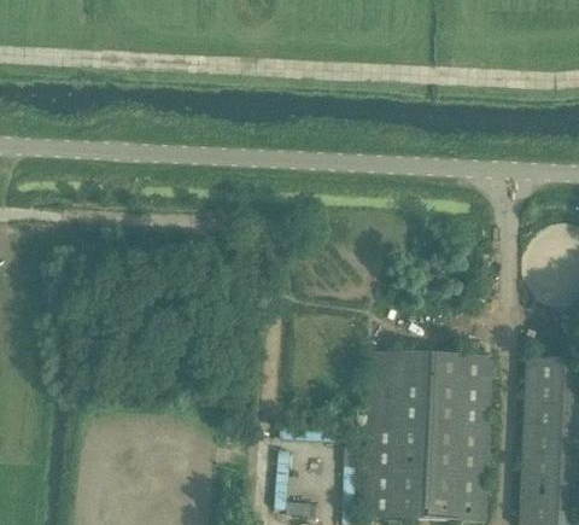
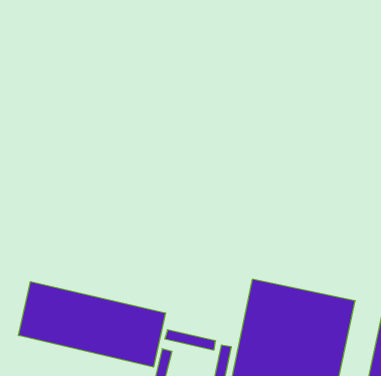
building: none -> [18,282,166,367]

